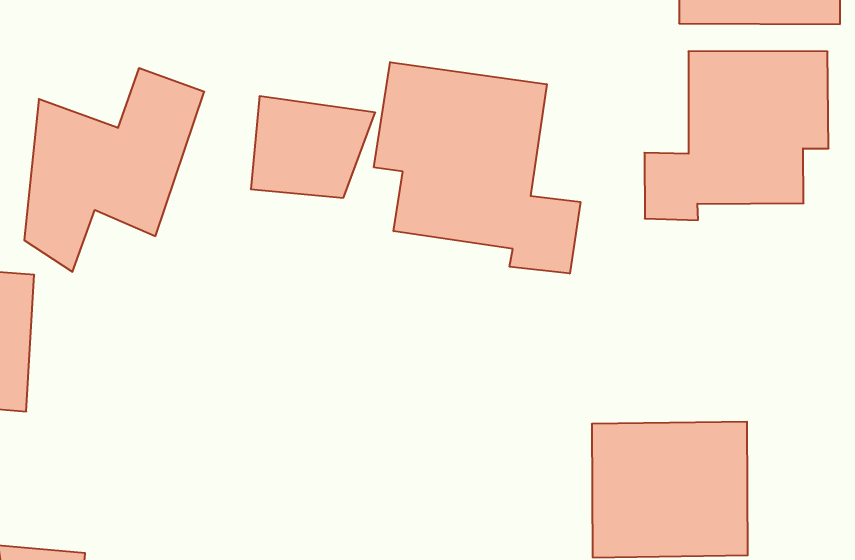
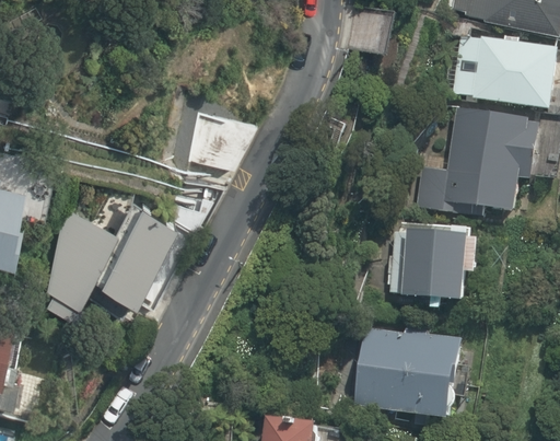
building: [374,62,580,274] -> none
building: [24,68,204,272] -> [44,196,164,312]
building: none -> [399,231,464,300]

